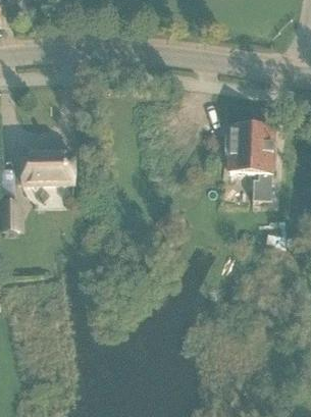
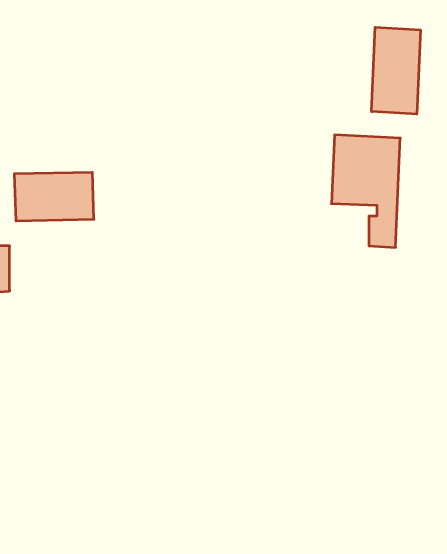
building: none -> [372,27,420,114]

